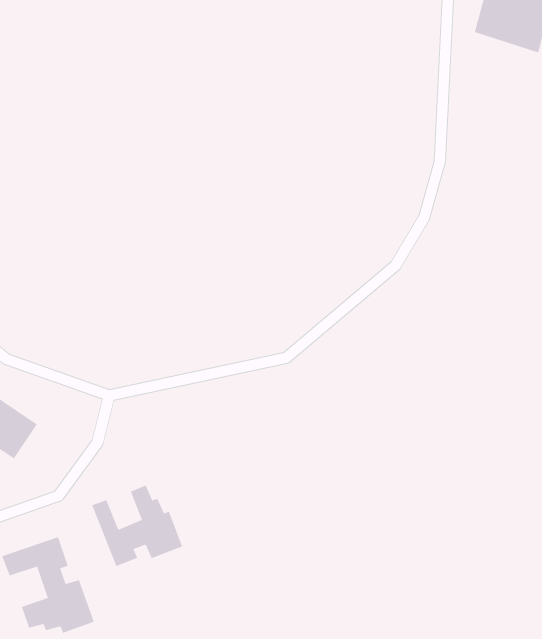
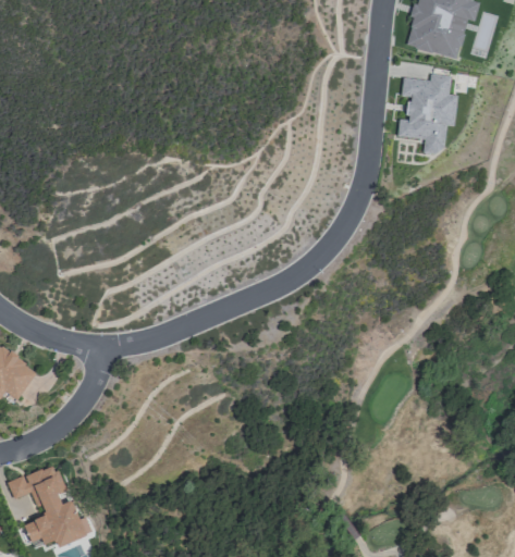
building: none -> [398,77,454,149]
building: [91,484,183,567] -> none

